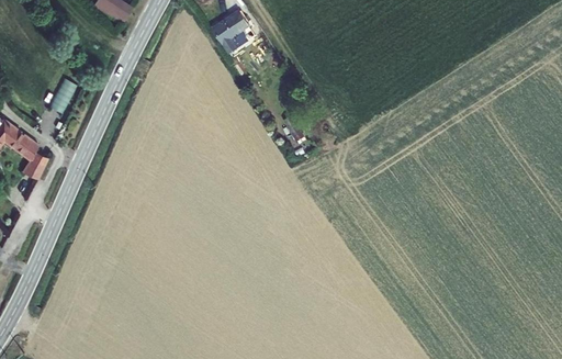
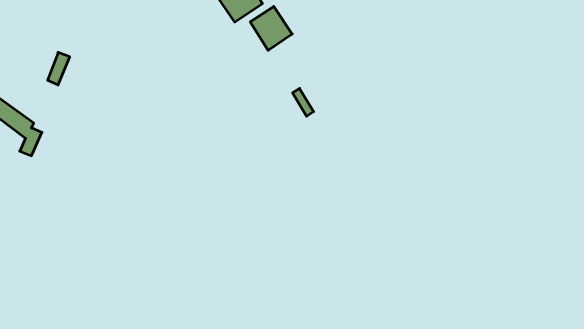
building: none -> [250,6,292,50]

